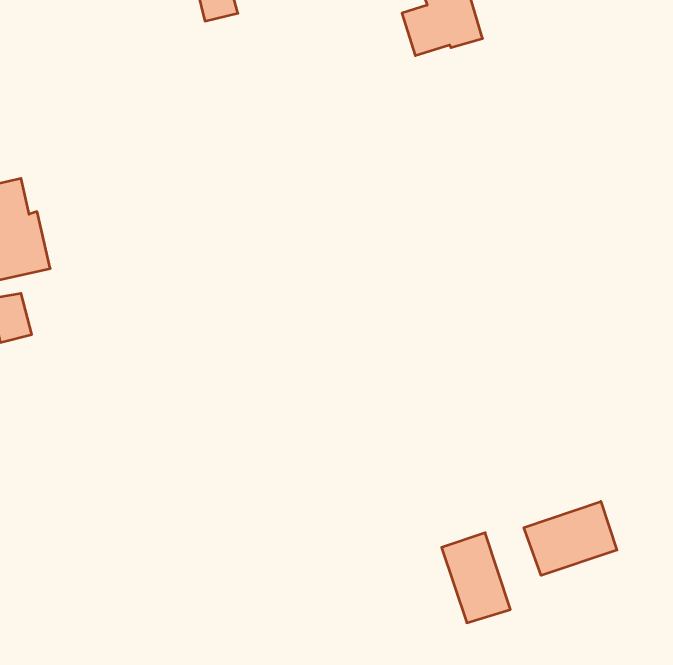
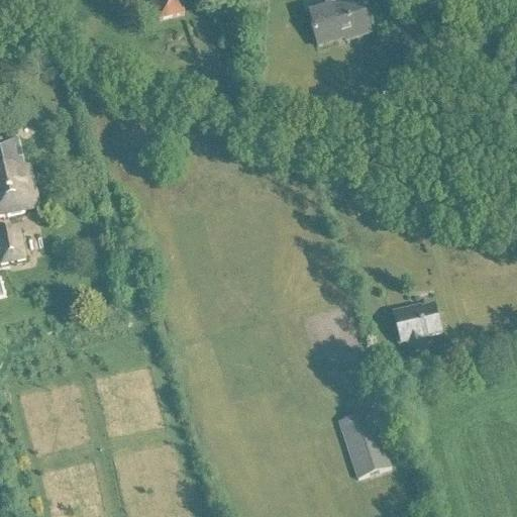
building: none -> [393,302,439,350]
building: [524,501,617,575] -> none

